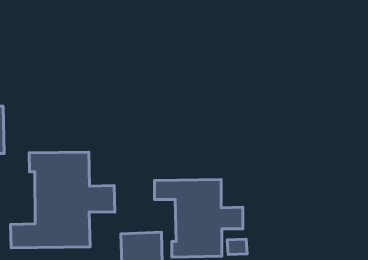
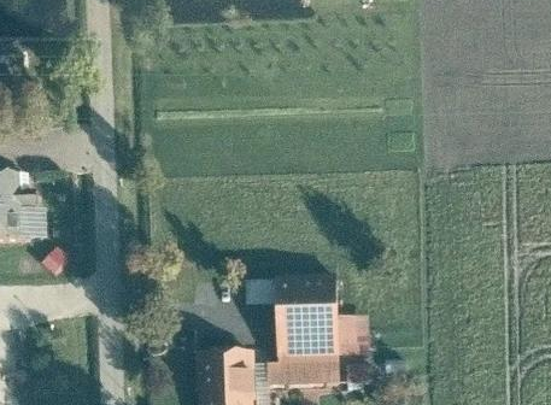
building: [10,152,115,248] -> none

